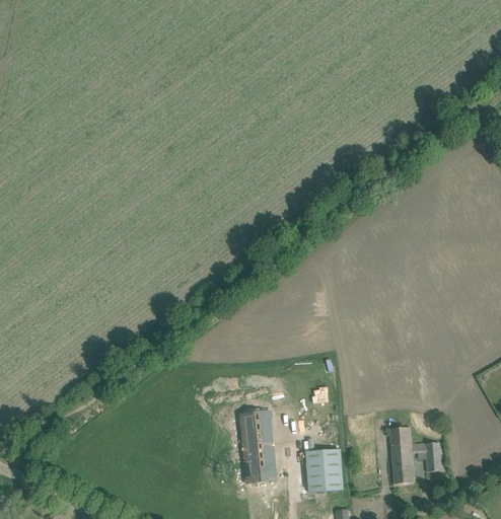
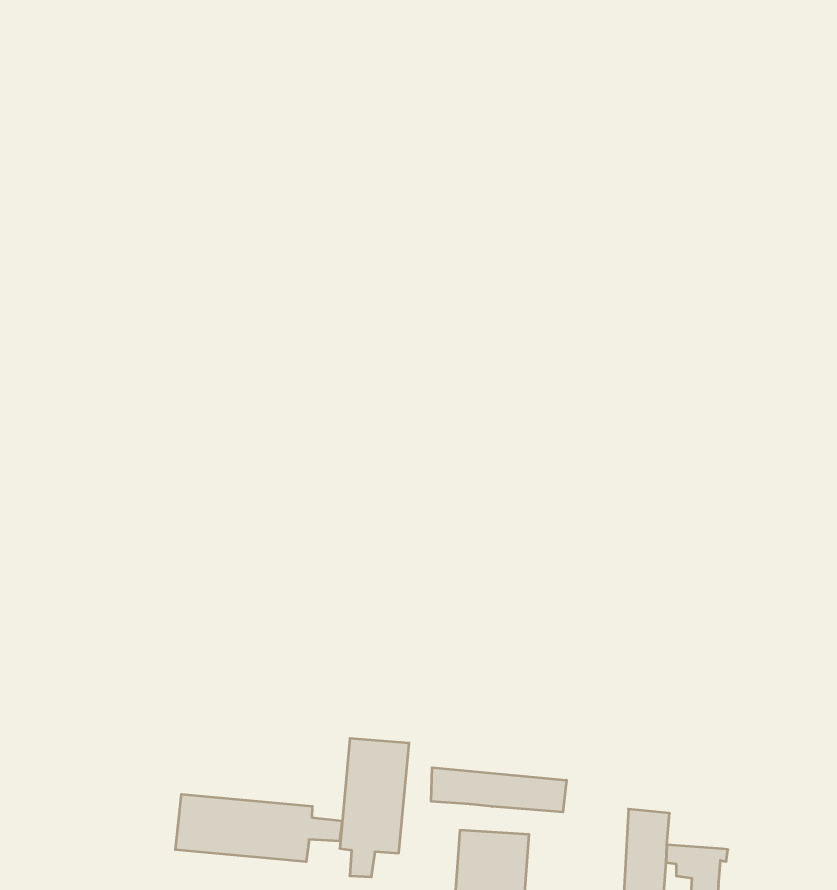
building: none -> [431,768,566,812]
building: none -> [175,794,342,862]

